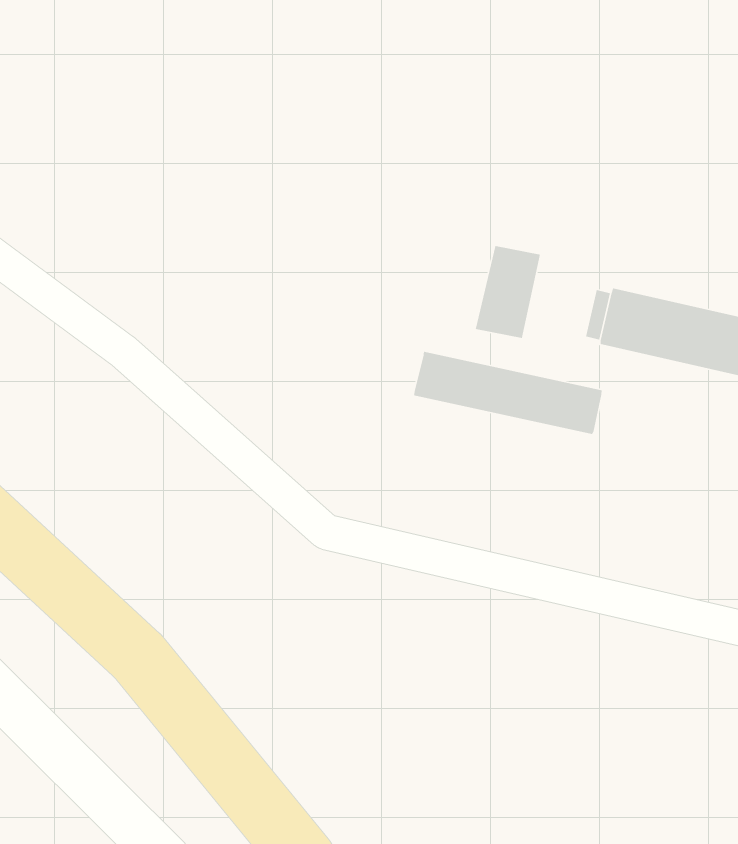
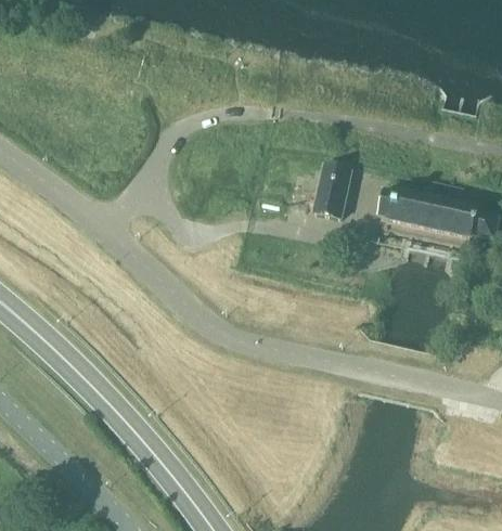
building: [413,351,602,435] -> none

